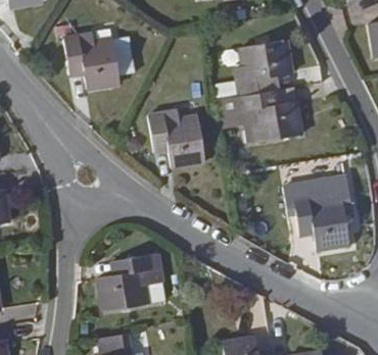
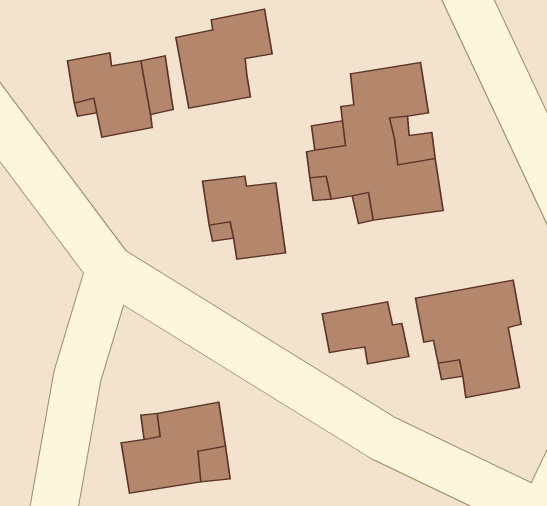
building: none -> [176,9,272,108]
building: none -> [322,302,409,364]

